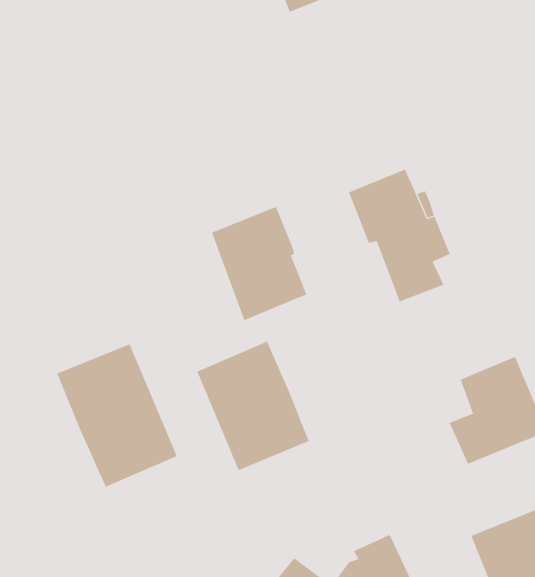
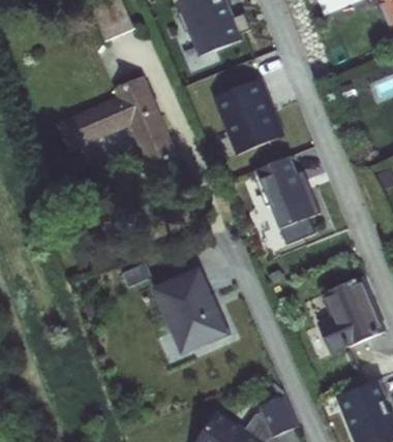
building: none -> [56,69,170,155]
building: [211,206,307,321] -> [216,78,280,155]
building: [57,343,178,487] -> none

